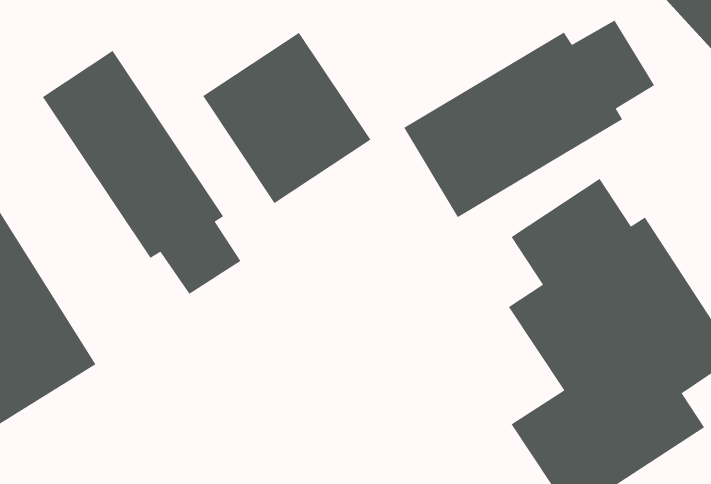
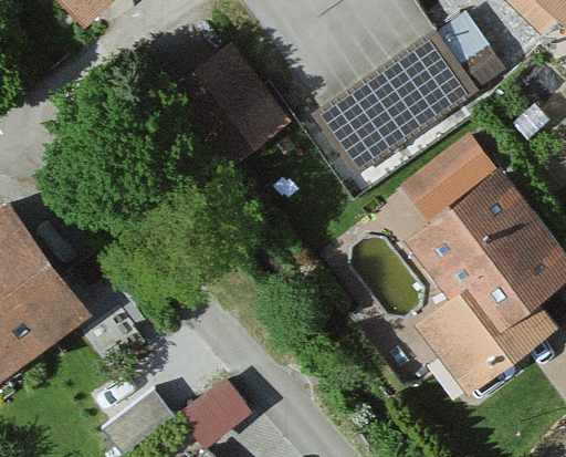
building: [42,50,242,295] -> none

